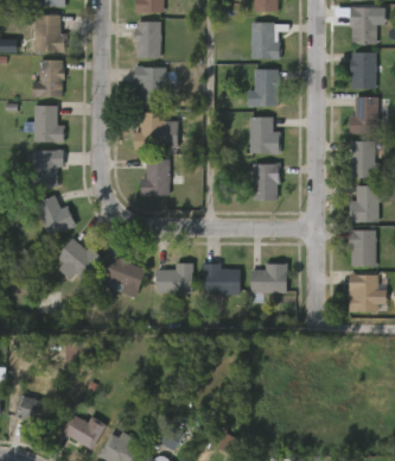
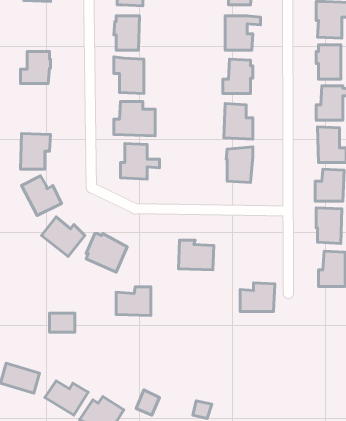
building: [36,14,66,52] -> none
building: [25,105,65,141] -> none
building: [154,263,191,293] -> [116,287,151,316]
building: [253,263,289,293] -> [240,283,275,312]

